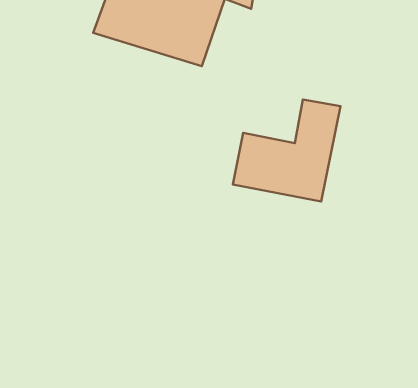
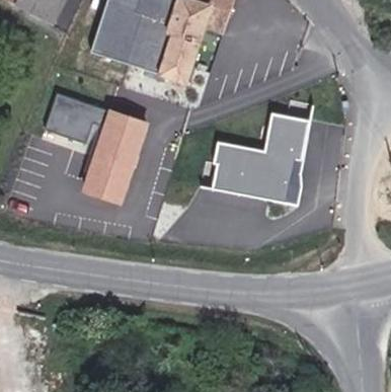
building: none -> [41,90,101,143]
building: none -> [82,109,149,206]

